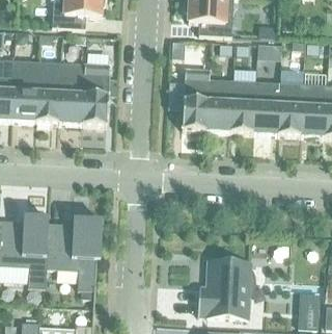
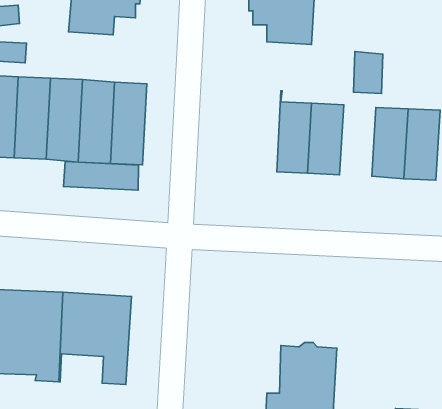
building: [169,70,210,131] -> none
building: [253,81,280,134] -> none
building: none -> [64,161,138,190]

